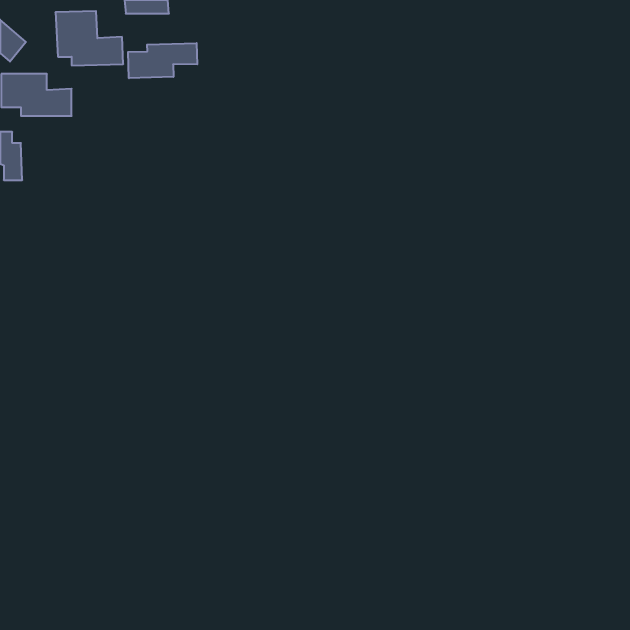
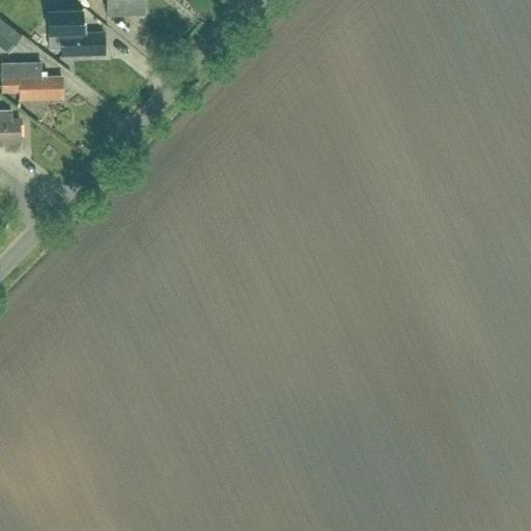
building: [128,43,197,78] -> none

